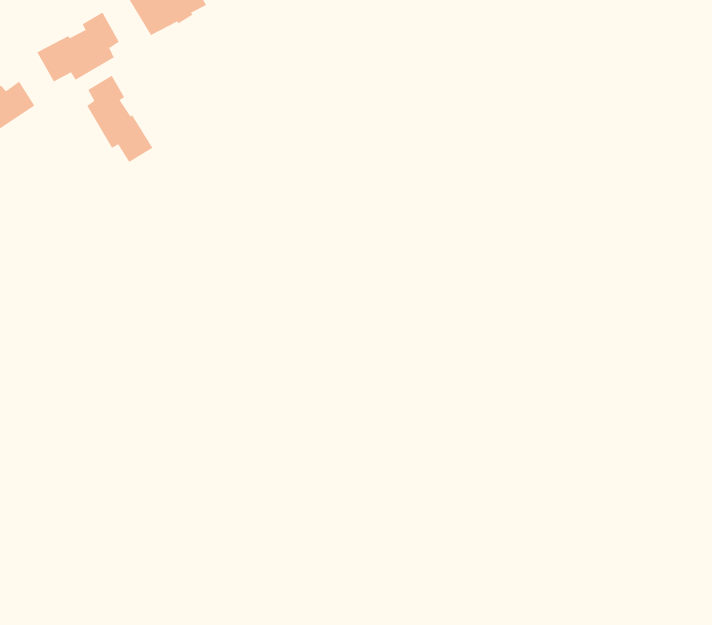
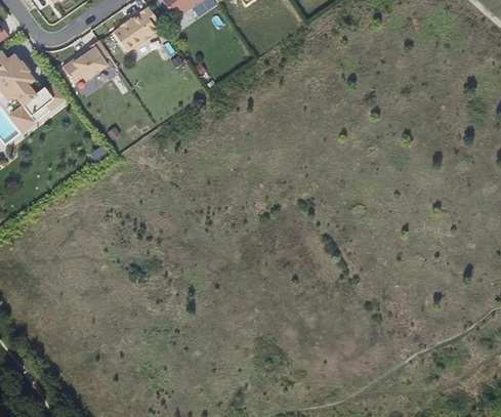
building: [87,75,153,163] -> none

